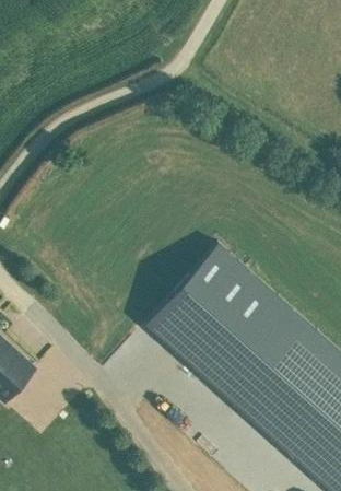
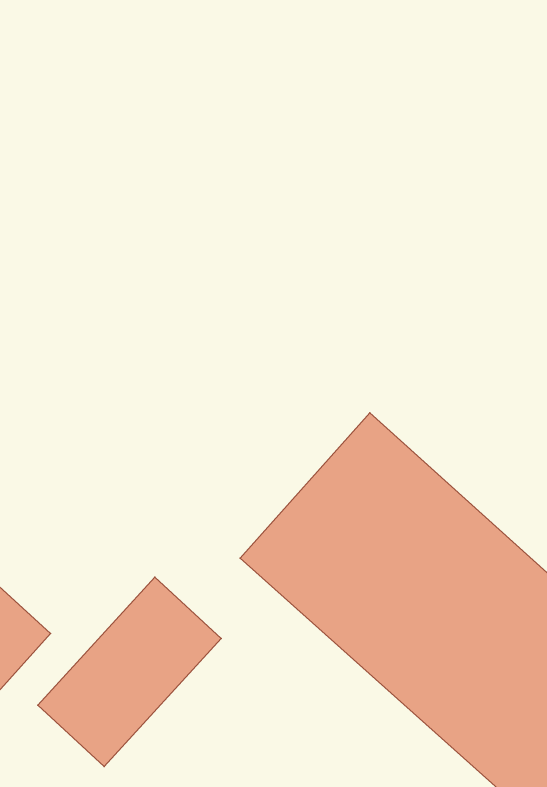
building: none -> [38,577,221,766]

